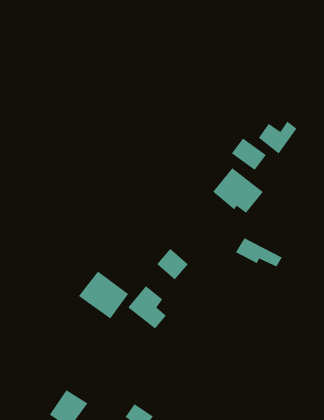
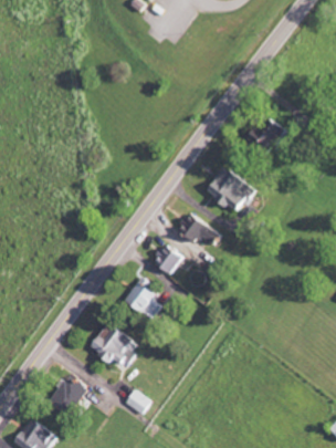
building: [231,138,267,171] -> none
building: [235,237,283,268] -> [177,216,222,244]
building: [78,270,129,319] -> [88,323,137,369]

